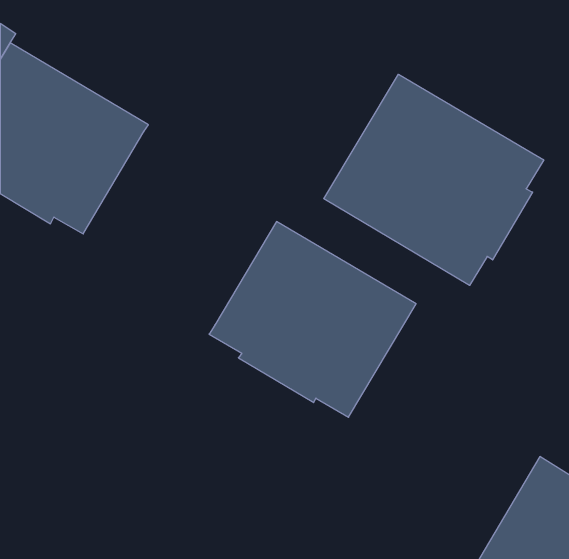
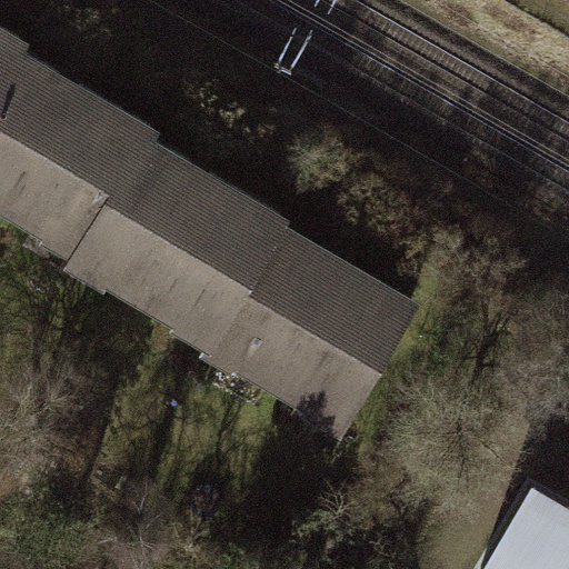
building: [324,74,544,285] -> none
building: none -> [82,146,283,337]

